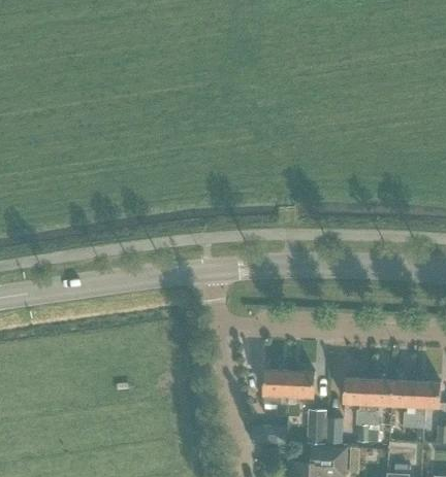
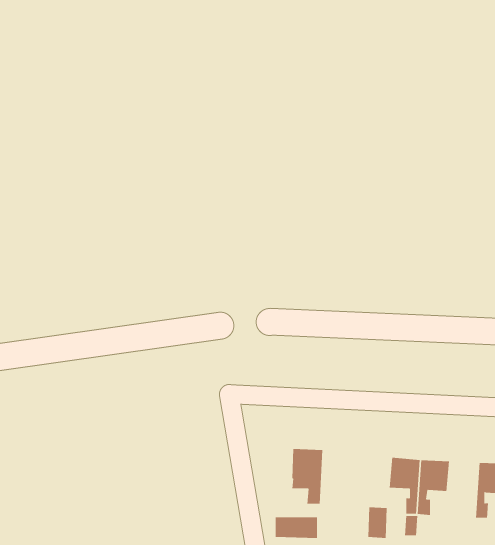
building: [288,371,315,416] -> none
building: [391,380,417,427] -> none
building: [308,410,326,444] -> none

